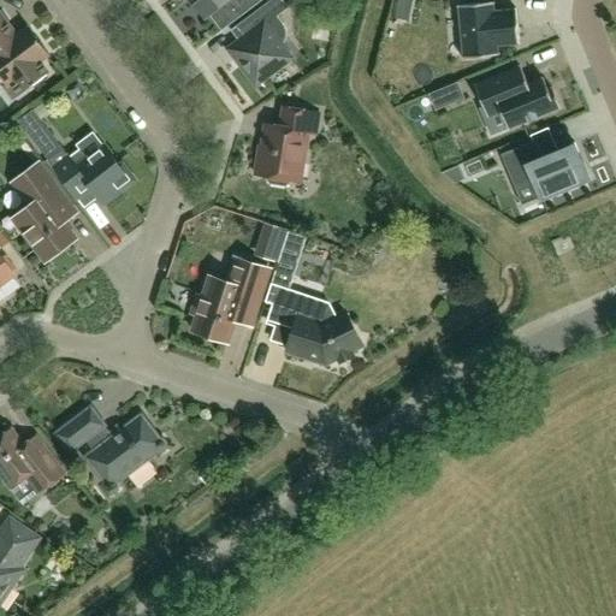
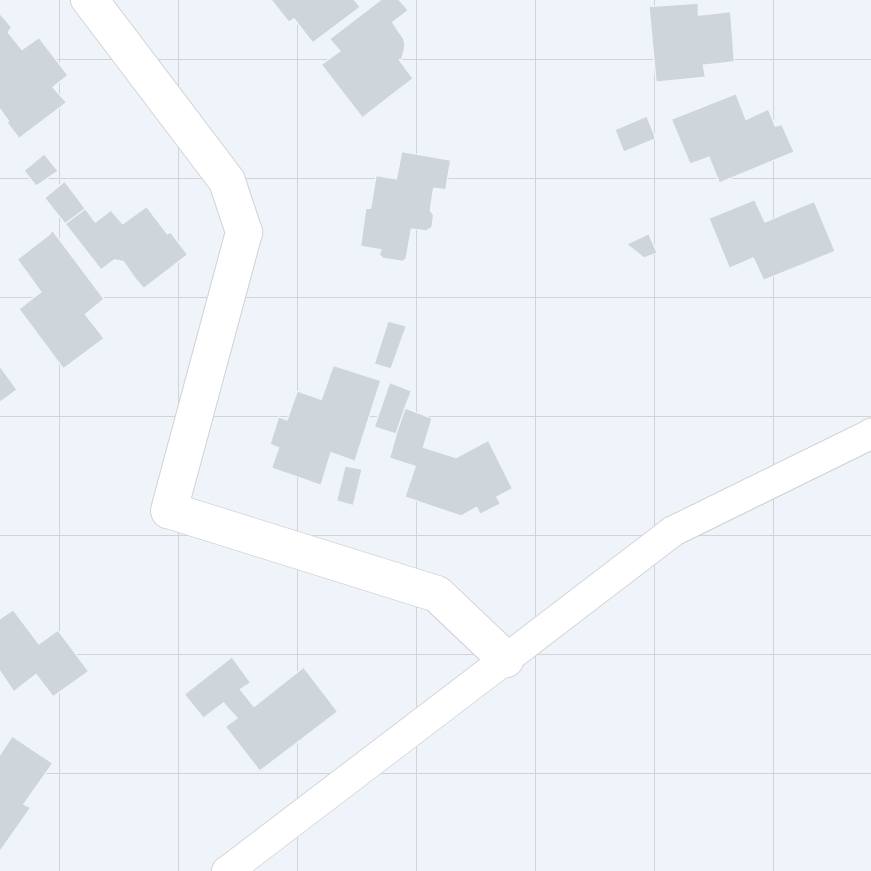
building: [55,407,164,487] -> [184,657,338,771]

